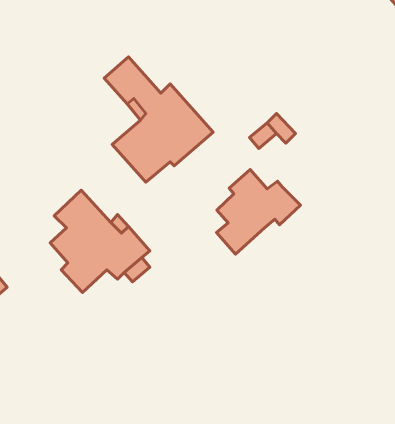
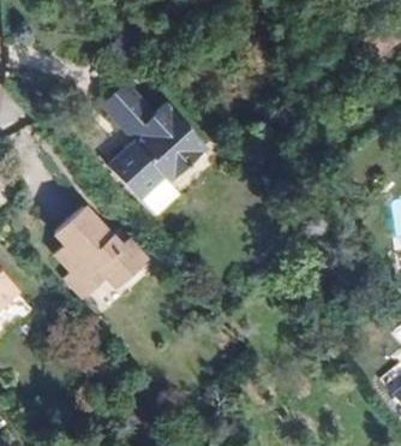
building: [217,170,301,254] -> none

